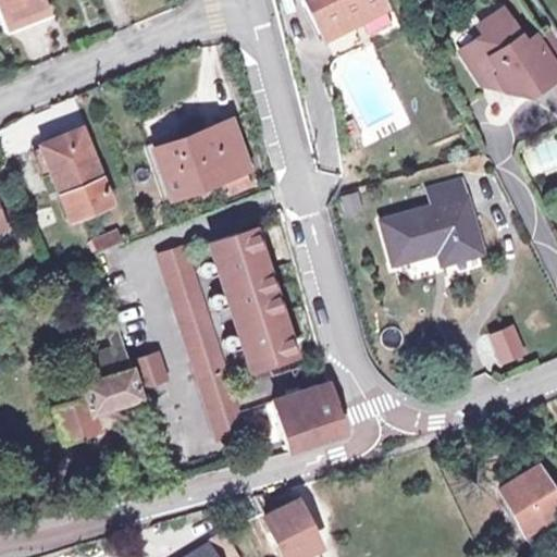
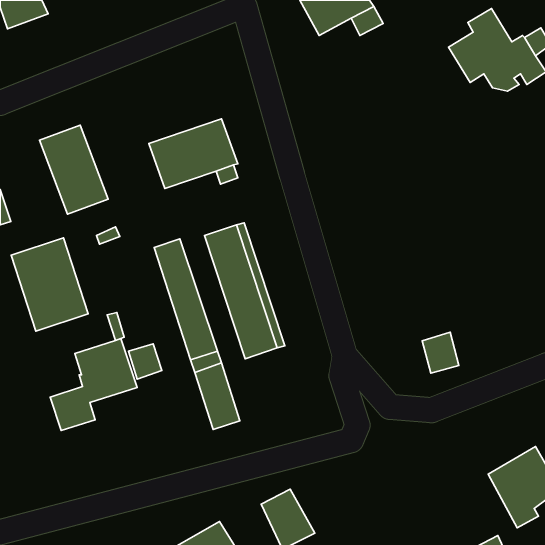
building: [382,185,483,264] -> none
building: none -> [11,238,88,331]
building: [488,326,525,368] -> [422,332,459,373]
building: [274,388,350,454] -> none

